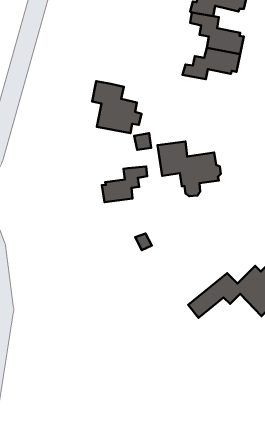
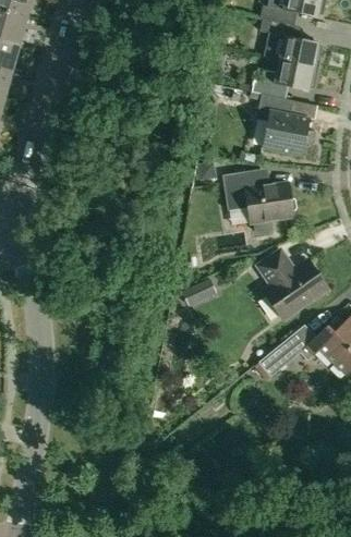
building: [92,81,142,133] -> [257,94,315,155]
building: [102,166,147,202] -> none
building: none -> [257,249,328,319]

